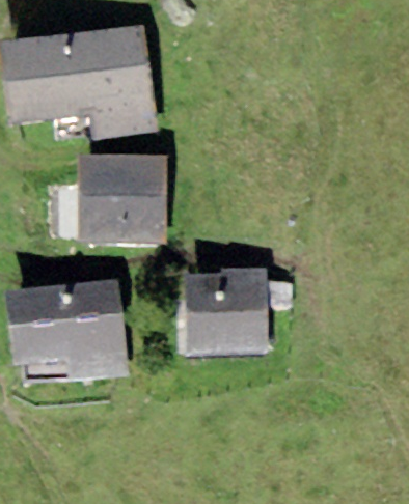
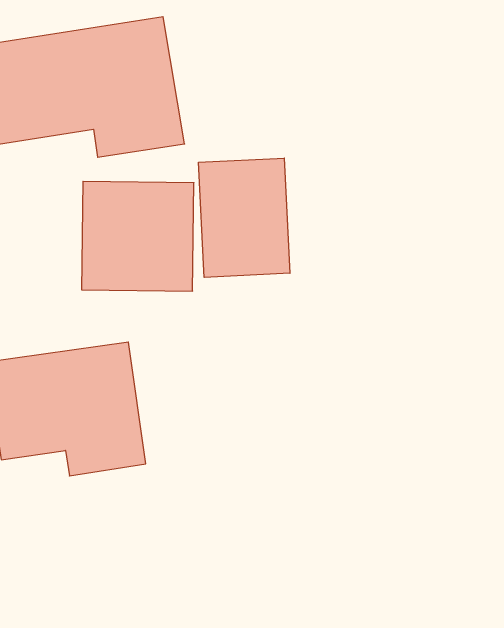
building: none -> [199,158,290,277]
building: [182,263,270,352] -> none

